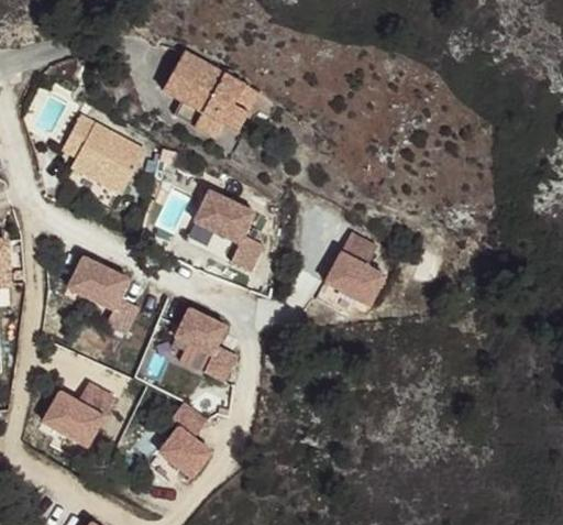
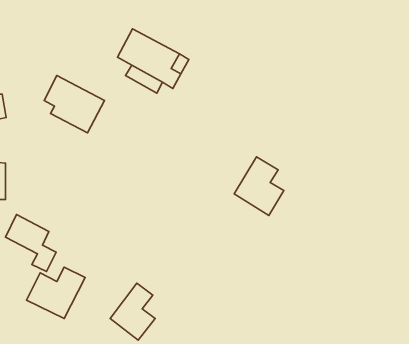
building: [194,192,263,273] -> none
building: [66,255,135,333] -> [5,215,56,272]
building: [173,309,233,383] -> none

